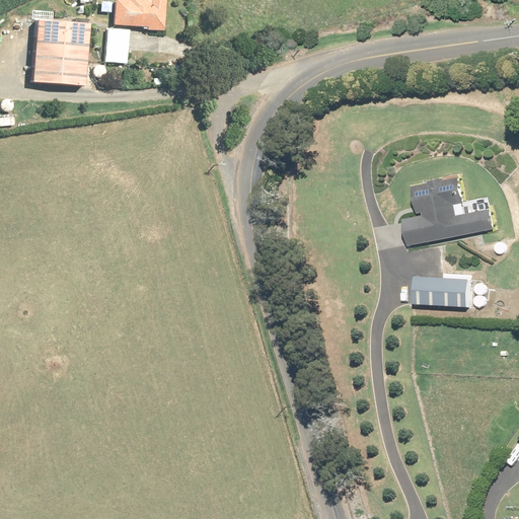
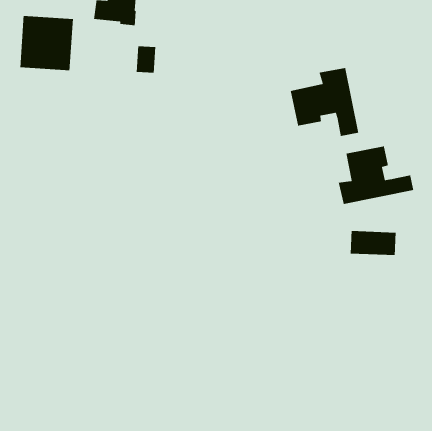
building: [104,28,129,62] -> [136,46,156,74]
building: none -> [290,67,359,137]

